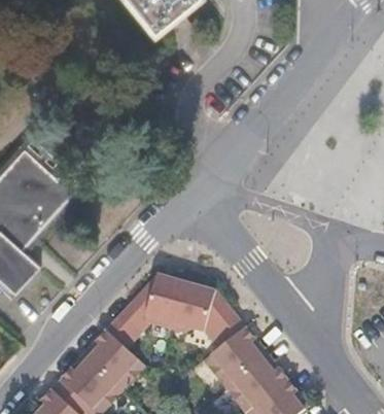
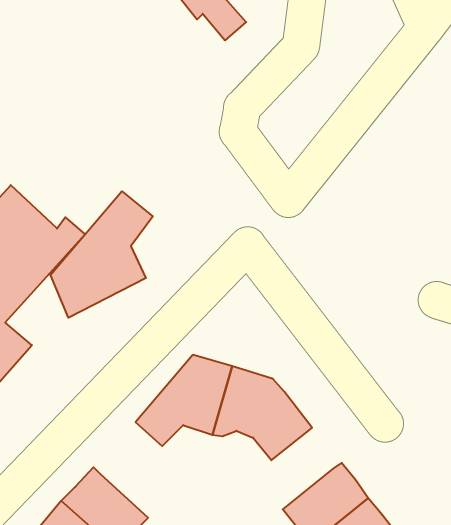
building: none -> [50,191,153,318]
building: [83,323,144,393] -> none
building: [202,327,266,387] -> none

